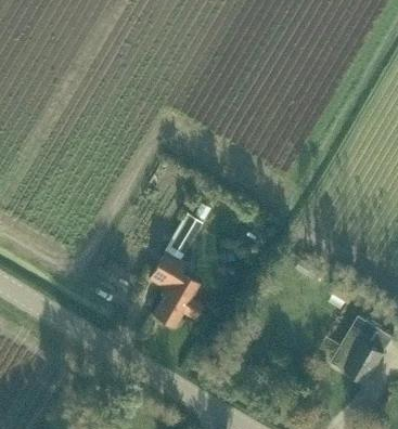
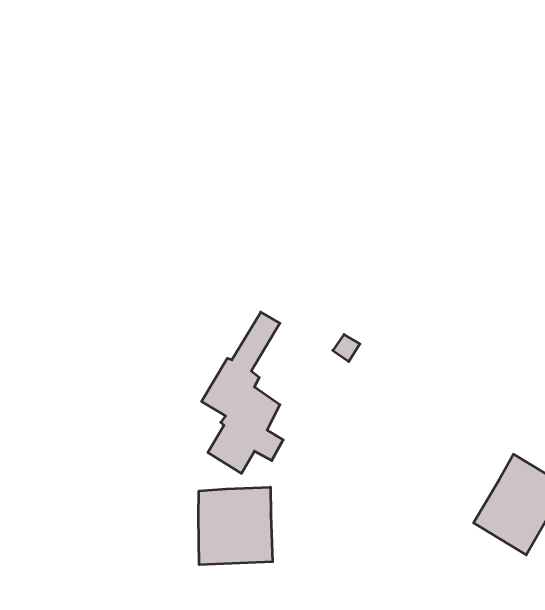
building: none -> [198,487,273,565]

